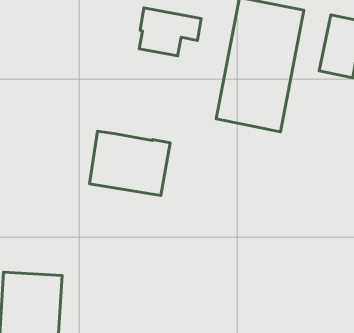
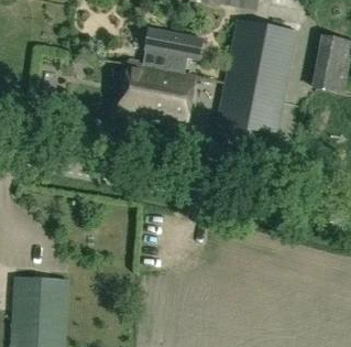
building: [89,131,170,195] -> [119,64,195,124]

